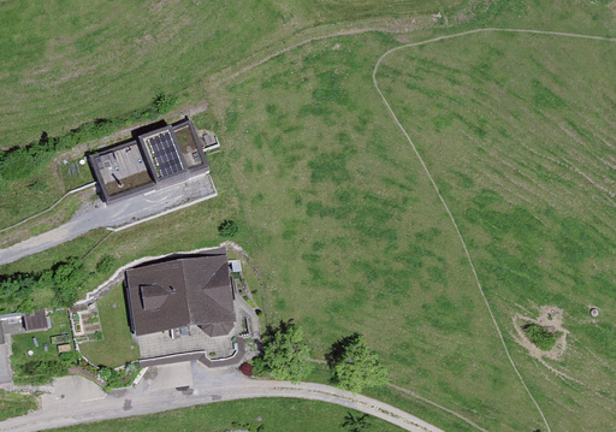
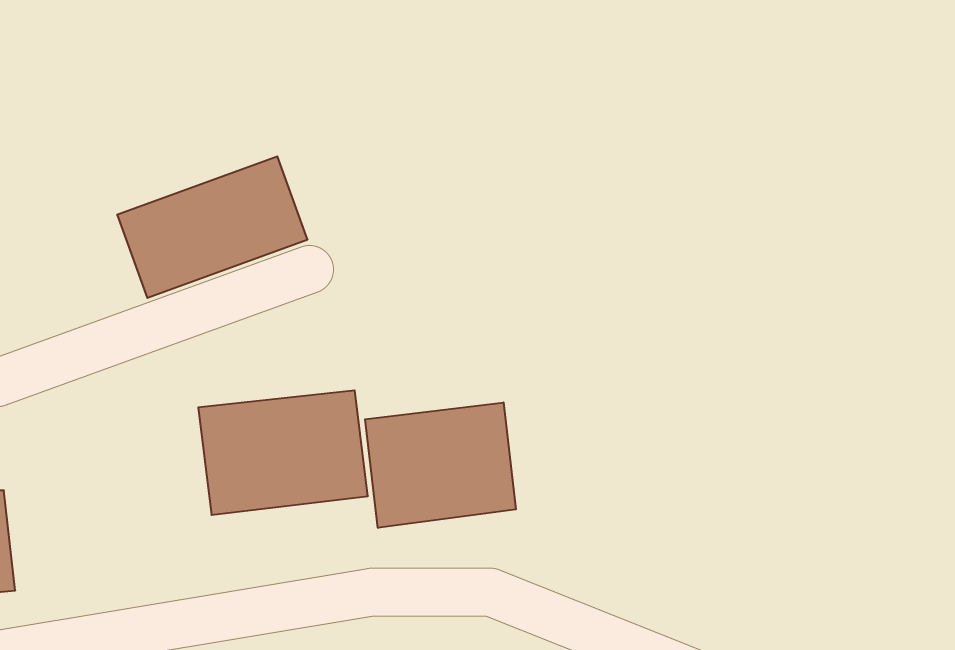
building: none -> [365,402,516,528]

